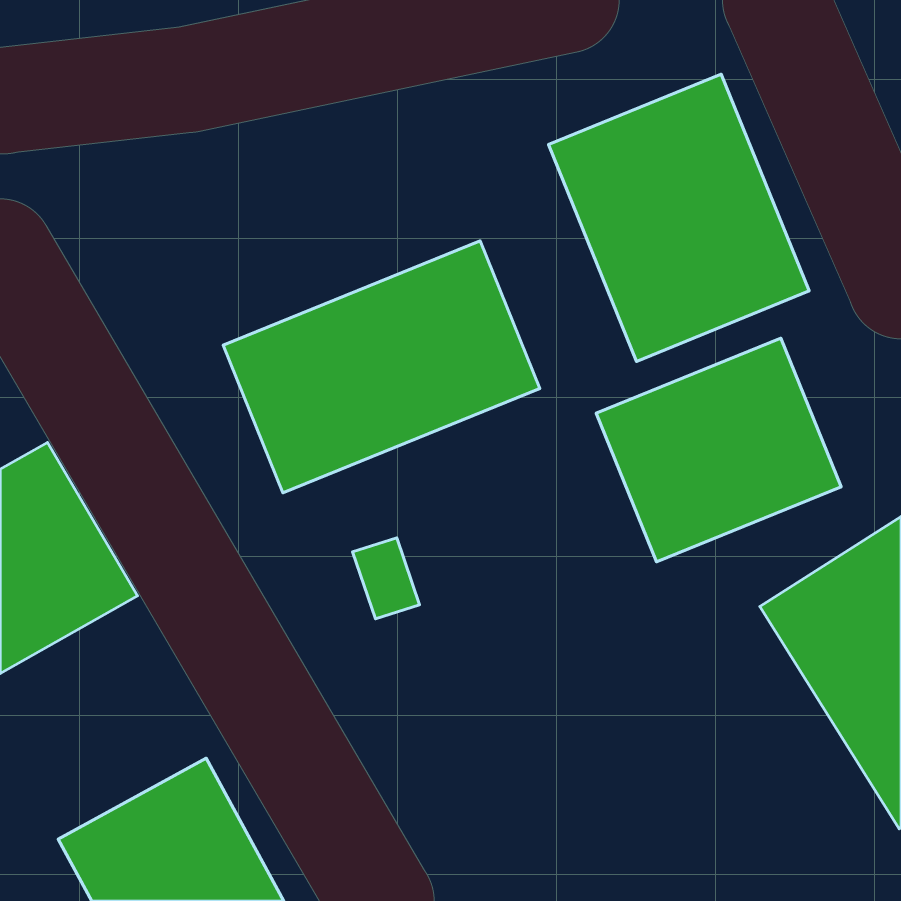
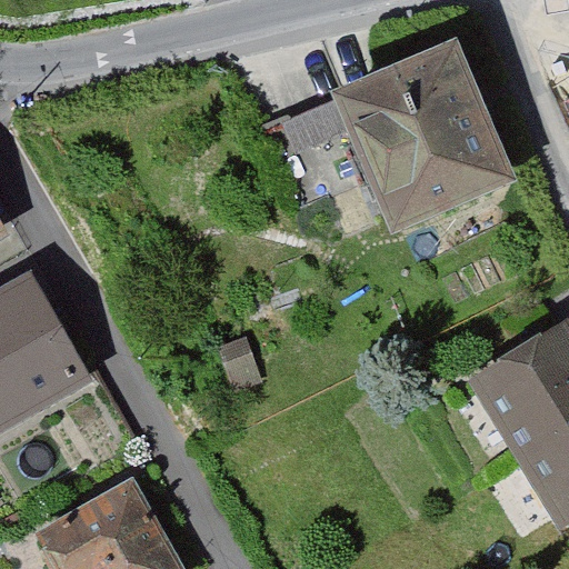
building: [223,241,540,493] -> none
building: [596,338,841,562] -> none

